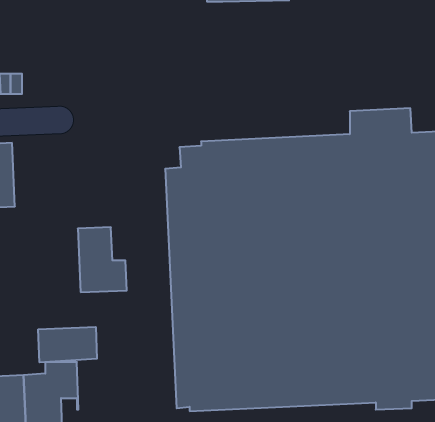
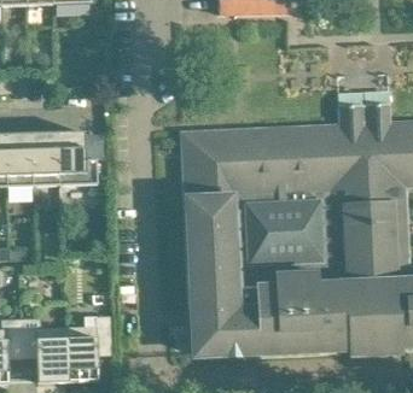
building: [78,227,127,292] -> [54,131,95,186]
building: [38,327,97,362] -> none

